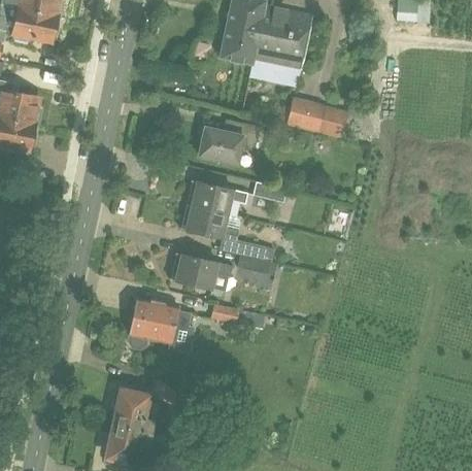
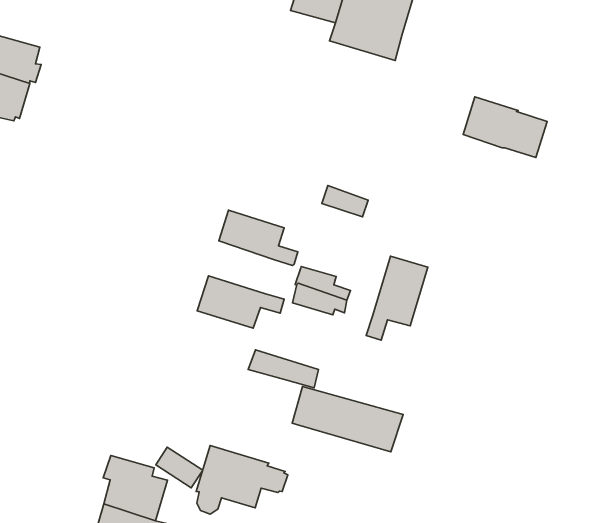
building: [286,97,346,137] -> [463,97,547,158]
building: [198,117,259,163] -> none
building: [186,179,246,213] -> none
building: none -> [366,256,428,340]
building: [128,298,193,347] -> [196,445,288,514]
building: none -> [292,386,403,452]

